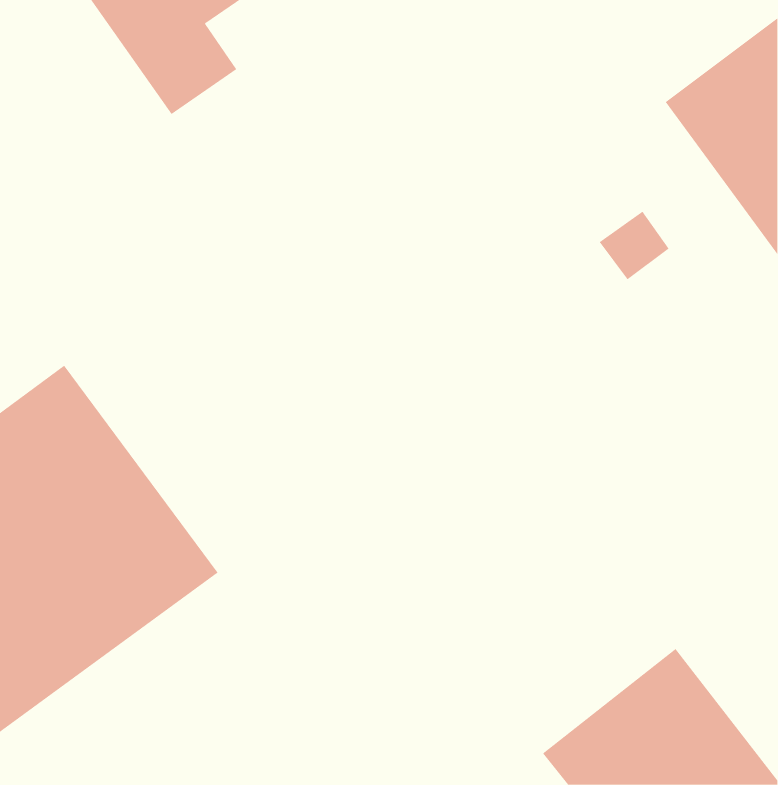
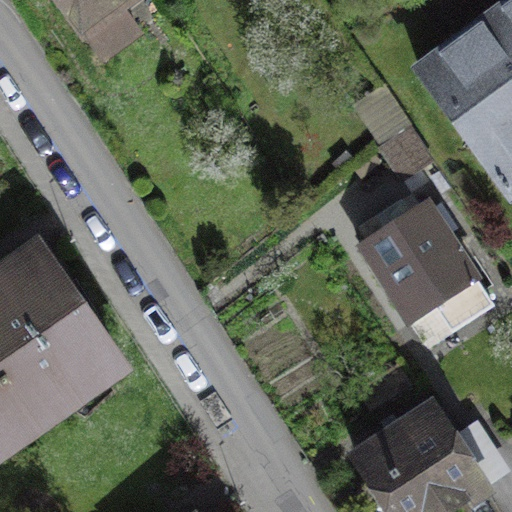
building: none -> [351,188,480,323]

